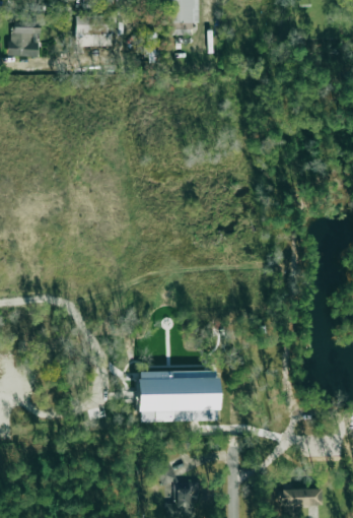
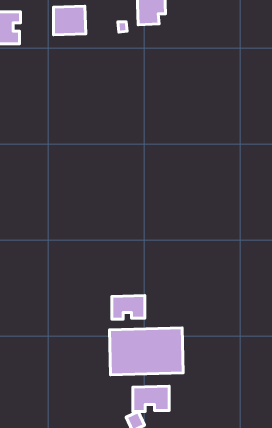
building: none -> [112,296,145,319]
building: none -> [133,386,169,411]

